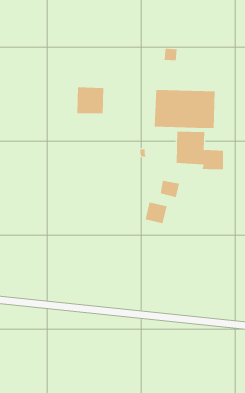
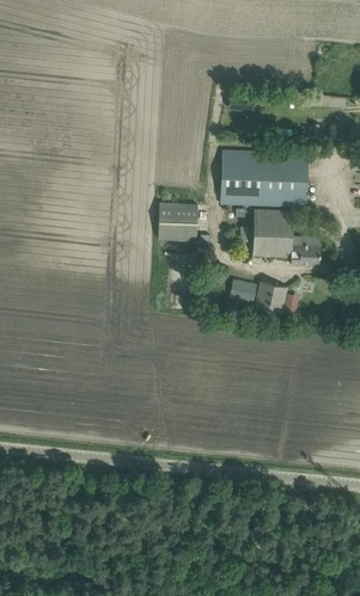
building: [76,87,104,114] -> [158,203,197,241]
building: [145,202,167,224] -> [254,282,286,313]

